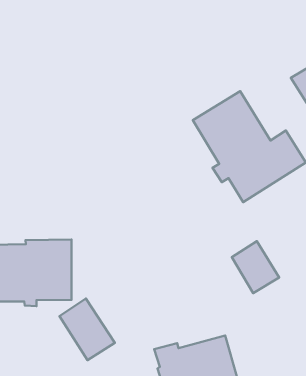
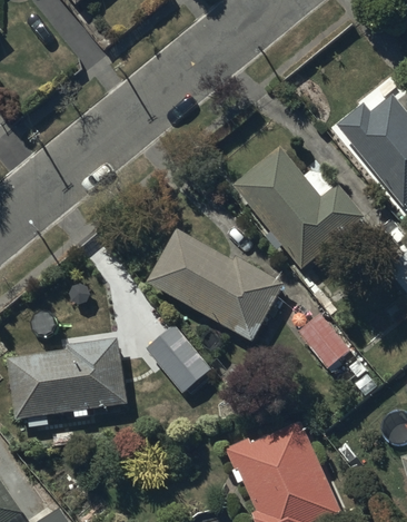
building: none -> [146,228,284,342]
building: [59,299,115,360] -> [146,324,211,392]

